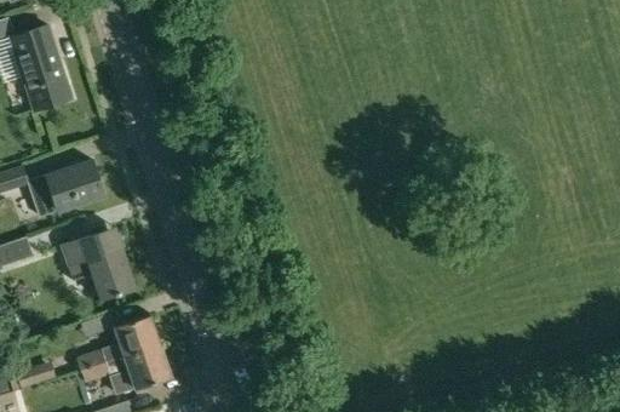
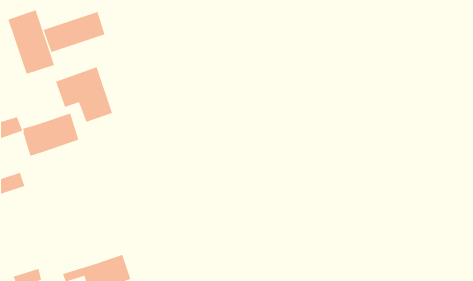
building: none -> [43,11,105,53]
building: [61,225,136,298] -> [55,67,113,122]
building: [78,314,160,368] -> none

